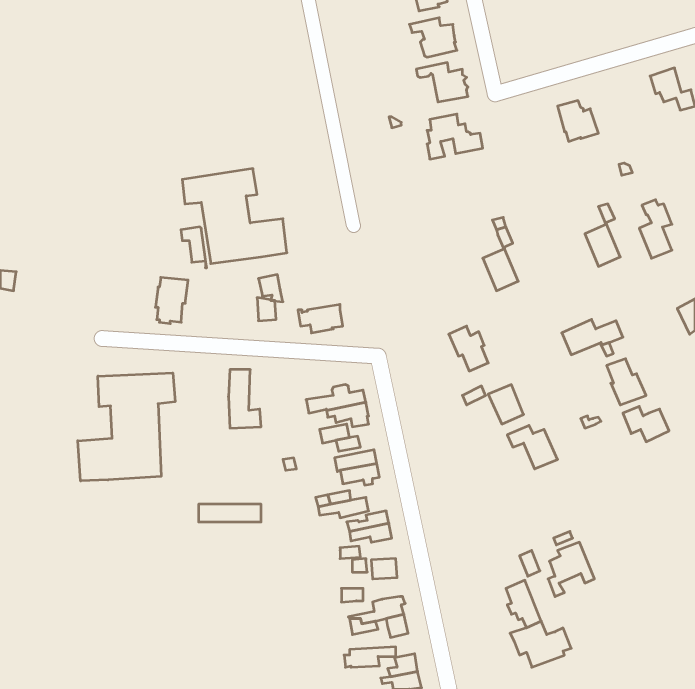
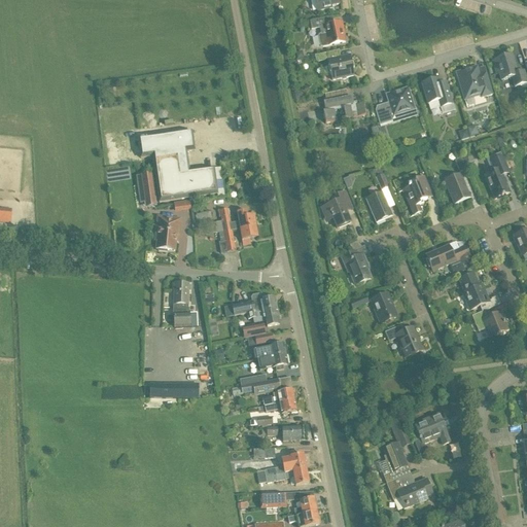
building: none -> [455,64,492,97]
building: none -> [375,86,413,121]
building: none -> [401,173,428,212]
building: none -> [321,188,350,225]
building: none -> [218,206,255,229]
building: [155,277,188,324] -> [155,214,180,249]
building: [78,373,175,481] -> none

